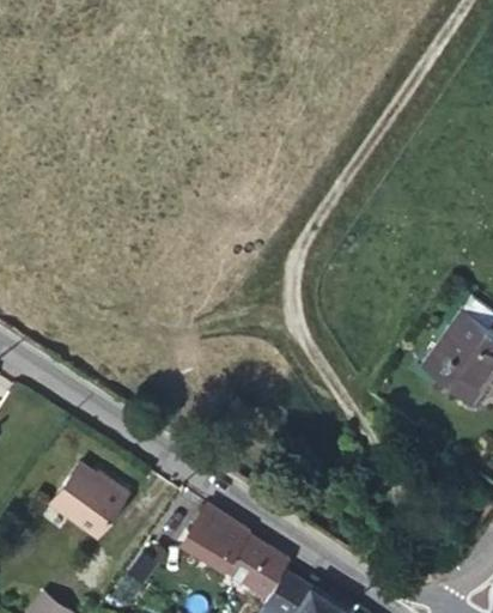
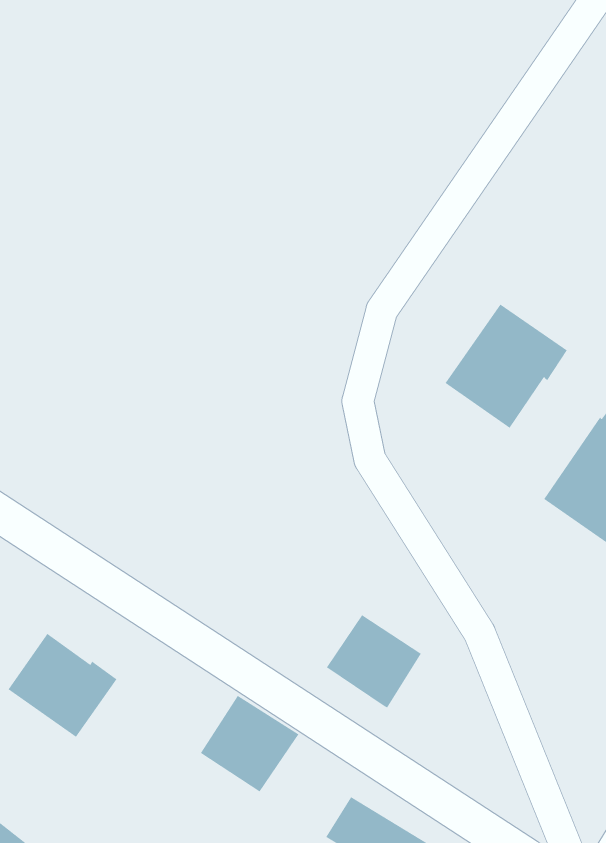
building: none -> [445,303,568,429]
building: [225,535,292,601] -> [326,614,422,709]

